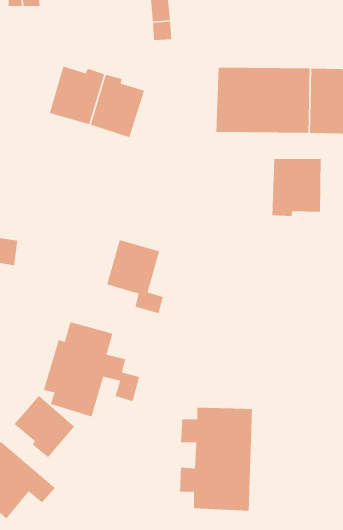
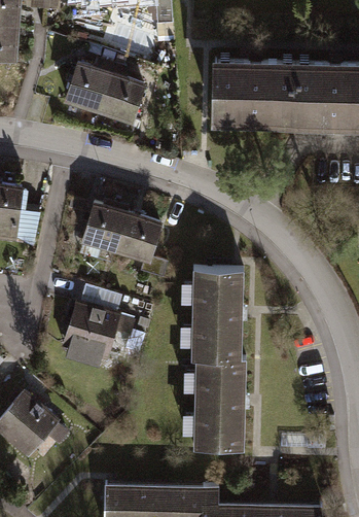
building: [272,158,321,217] -> none
building: none -> [80,203,129,262]
building: none -> [180,270,243,361]
building: [13,395,75,458] -> none

